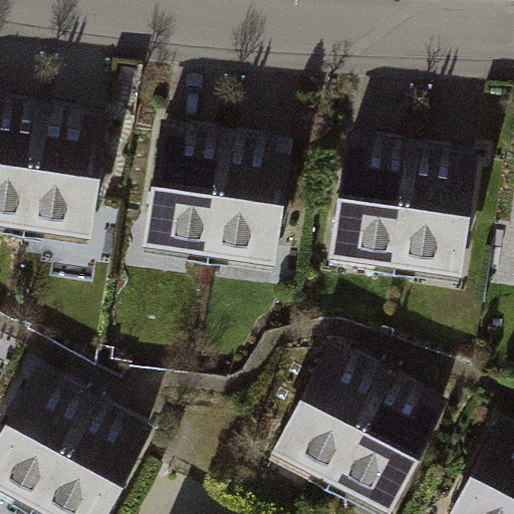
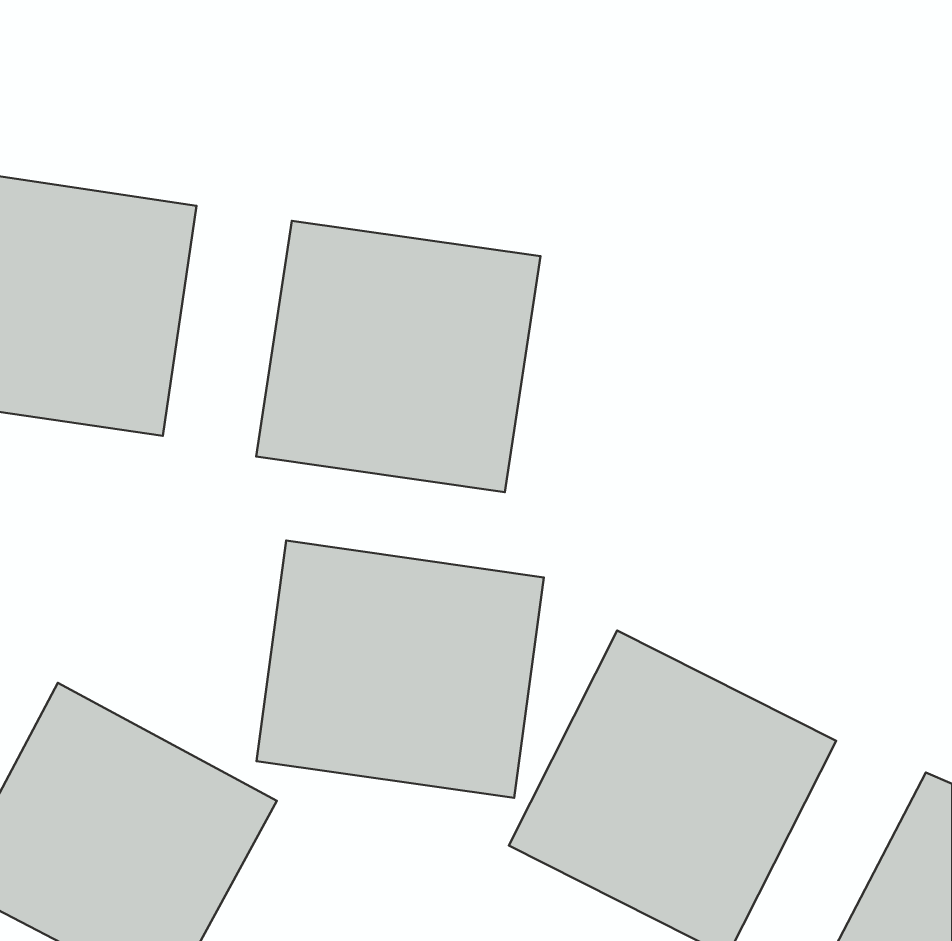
building: [329,140,474,285] -> none
building: none -> [257,541,544,798]

